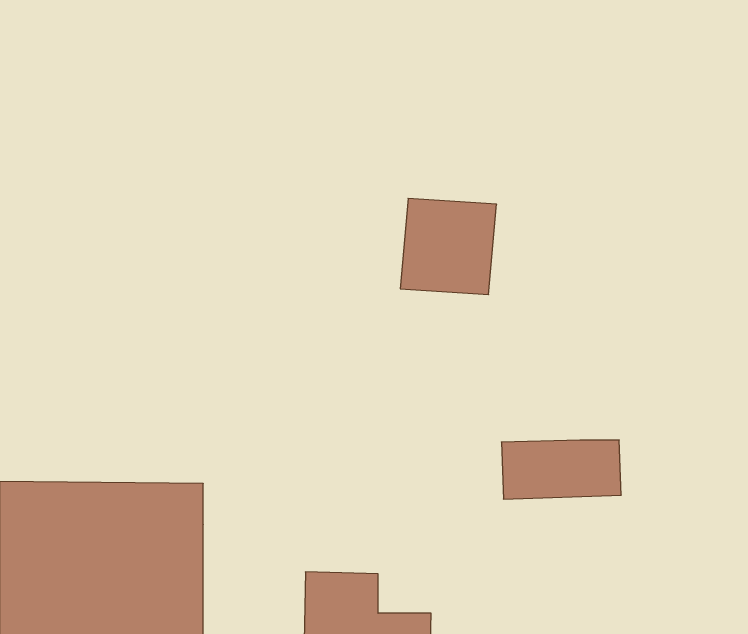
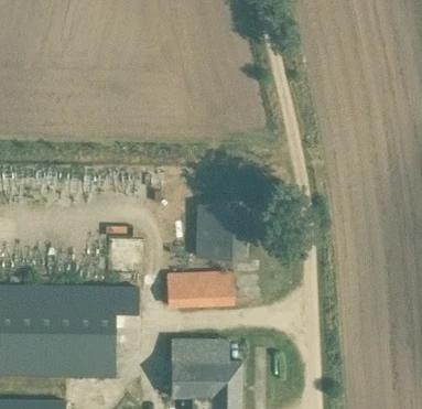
building: [400,198,497,295] -> [194,205,248,259]
building: [501,440,621,499] -> [167,272,235,305]

